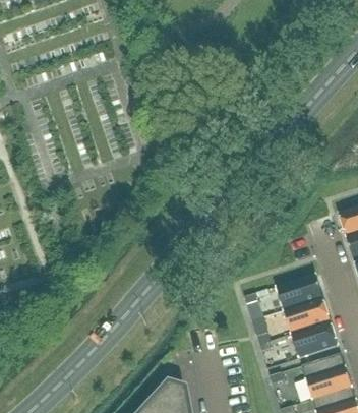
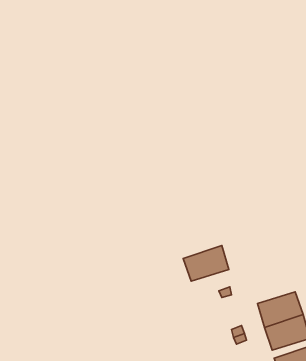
building: [278,275,324,311] -> [183,246,229,281]

